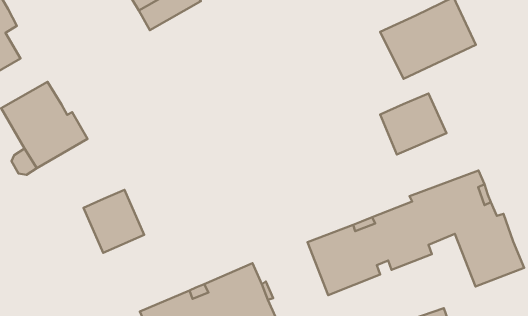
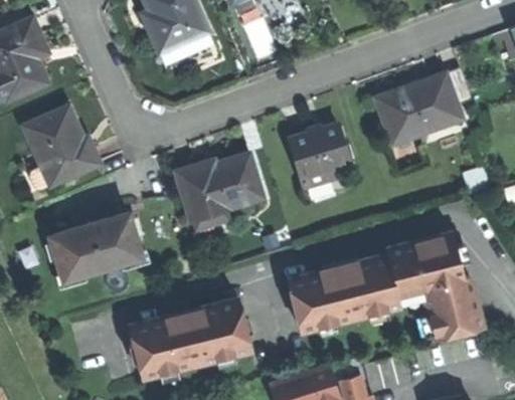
building: [380,93,446,154] -> [291,124,349,176]
building: none -> [176,154,263,222]
building: none -> [49,225,101,279]

